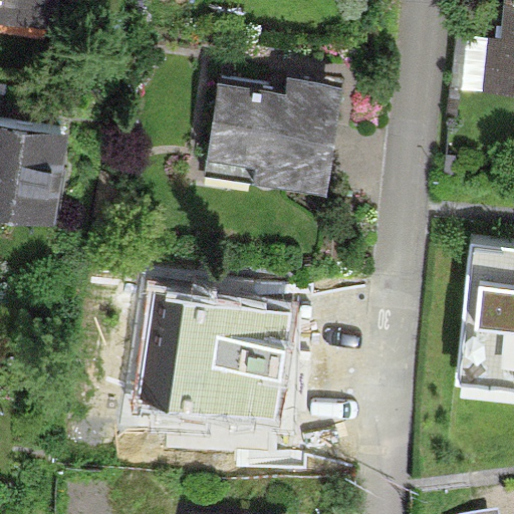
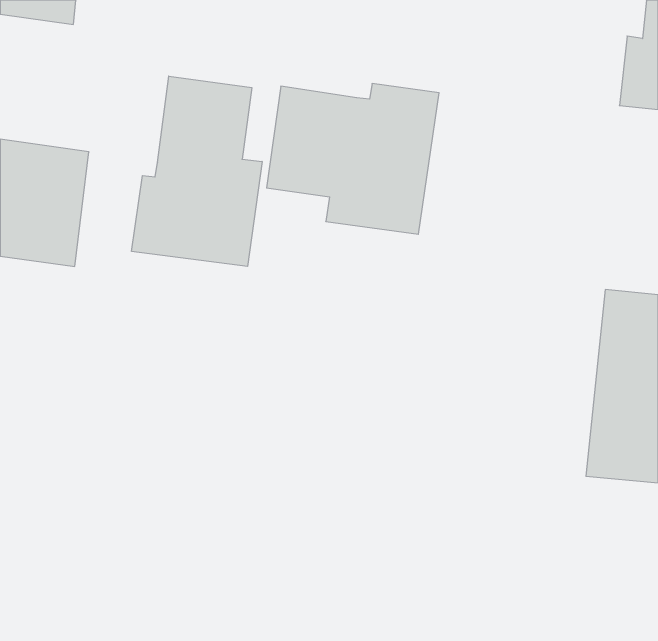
building: none -> [132,76,262,266]
building: [143,295,291,423] -> none

